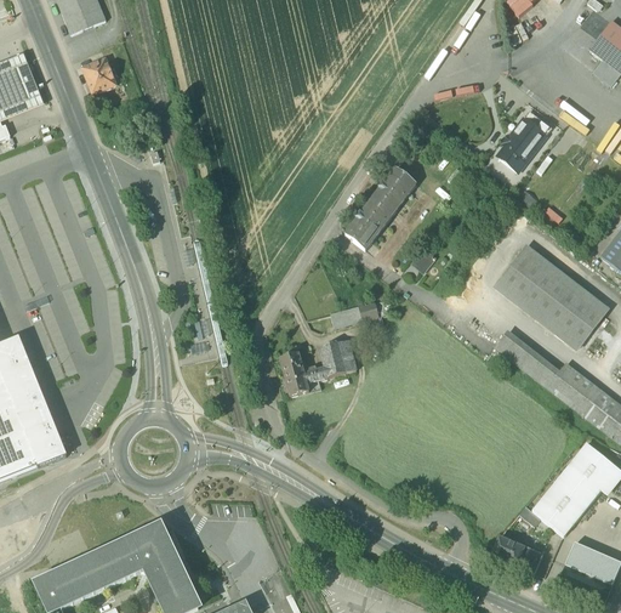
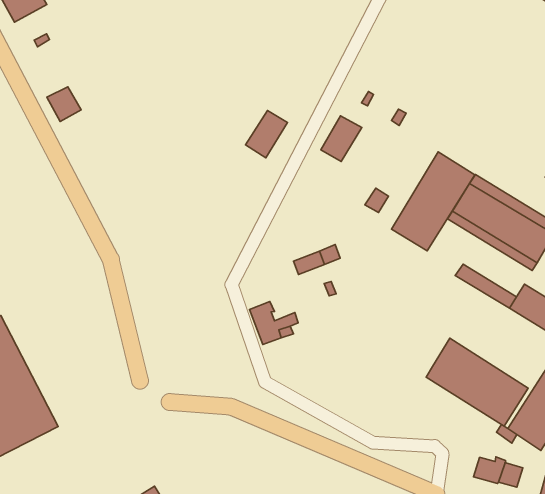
building: [82,57,116,92] -> [47,87,81,122]
building: [498,110,551,171] -> none
building: [344,199,391,248] -> [245,111,288,158]
building: none -> [391,152,475,251]
building: [319,337,355,375] -> none
building: none -> [426,338,528,426]

